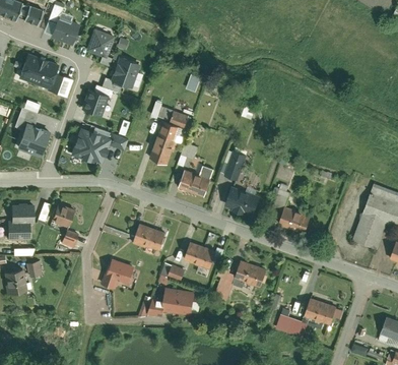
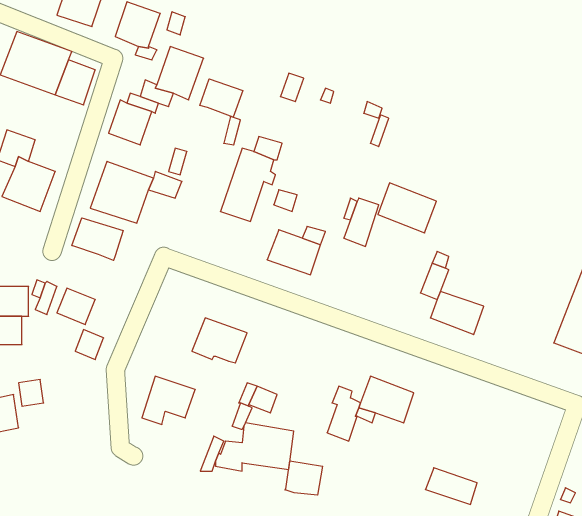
building: none -> [200,79,243,117]
building: none -> [72,218,123,260]
building: [225,186,261,217] -> [378,183,436,233]
building: [184,242,216,269] -> none
building: [305,298,337,325] -> none
building: none -> [285,461,323,495]

